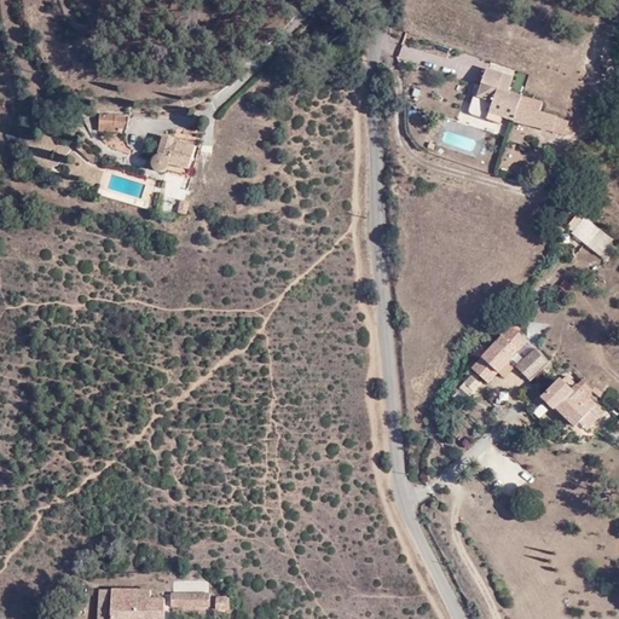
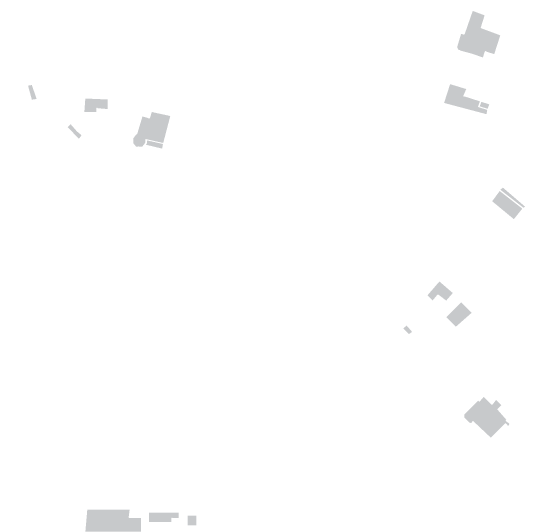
building: [469,68,521,123] -> [456,10,501,58]
building: [472,342,517,383] -> none
building: [543,376,597,426] -> [464,396,511,439]

